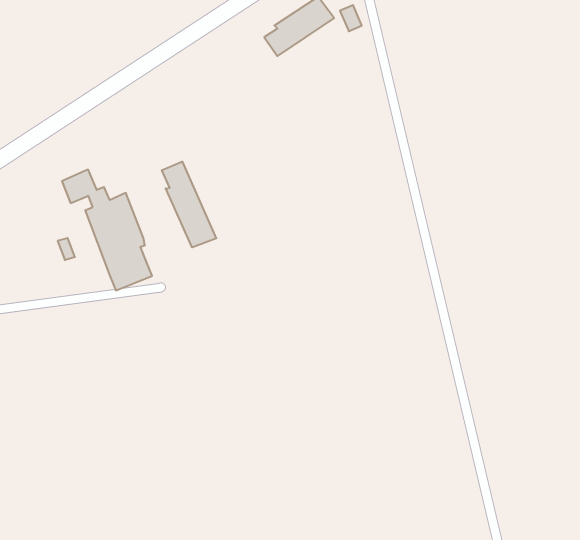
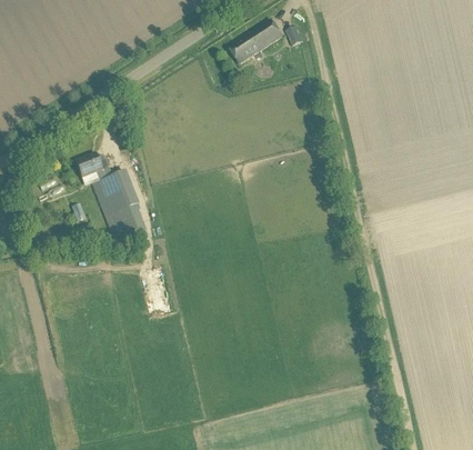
building: [162,162,216,247] -> none

